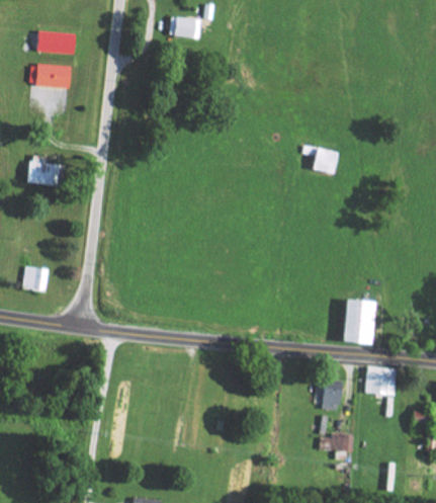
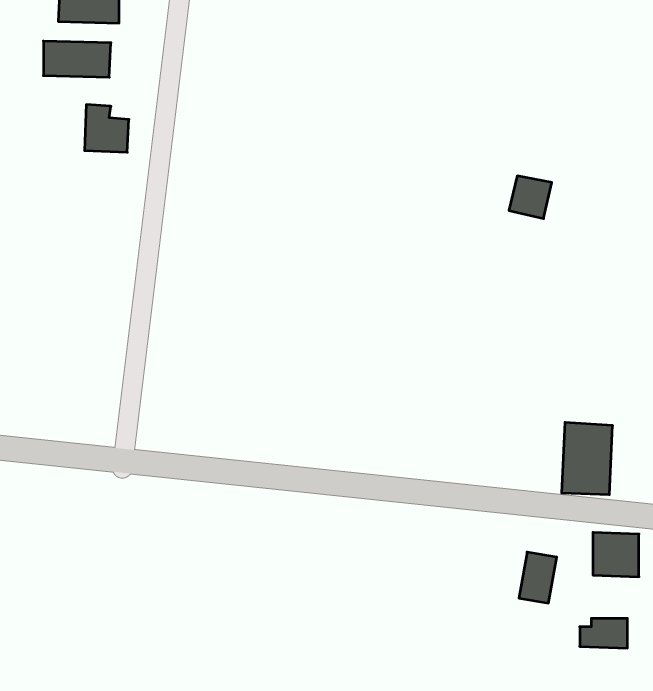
building: [29,155,57,184] -> [85,105,129,152]
building: [21,266,47,290] -> none
building: [322,433,351,451] -> [580,618,627,648]

